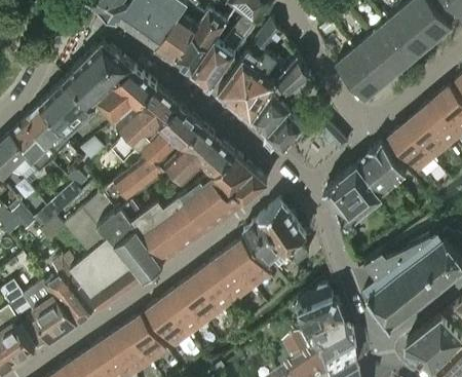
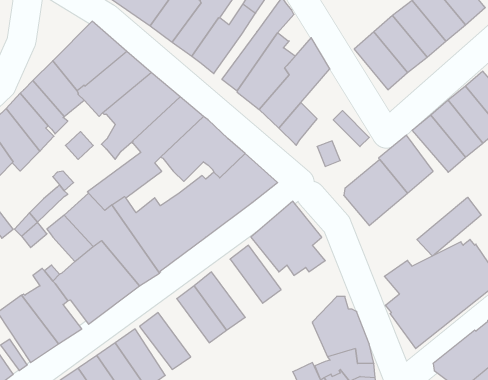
building: none -> [417,197,481,256]
building: [209,251,255,302] -> none
building: [162,286,207,337] -> none

